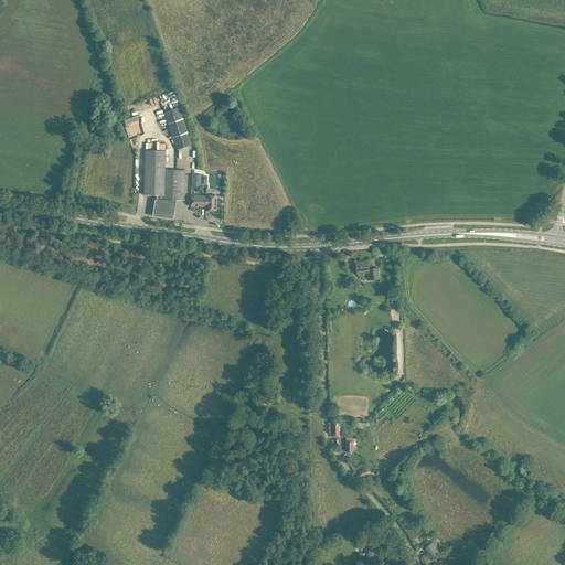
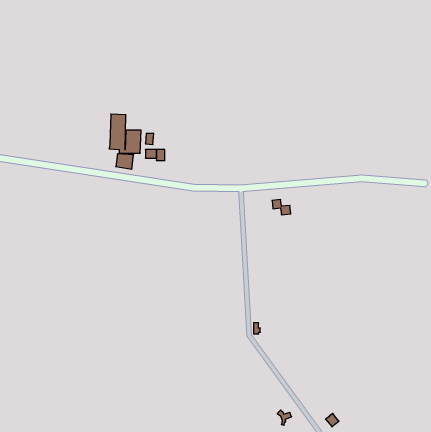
building: [163,107,191,149] -> none

